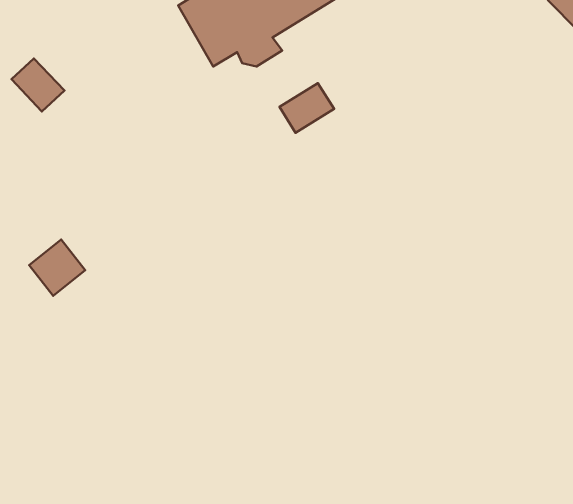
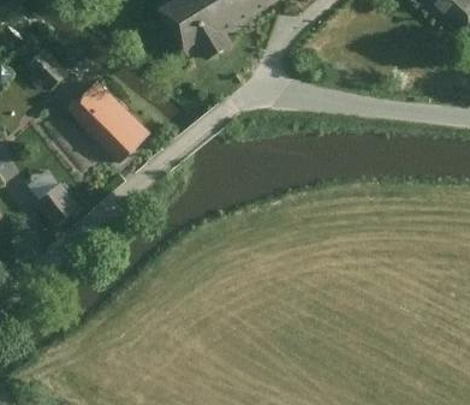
building: [279,83,334,133] -> none
building: none -> [71,84,147,160]

